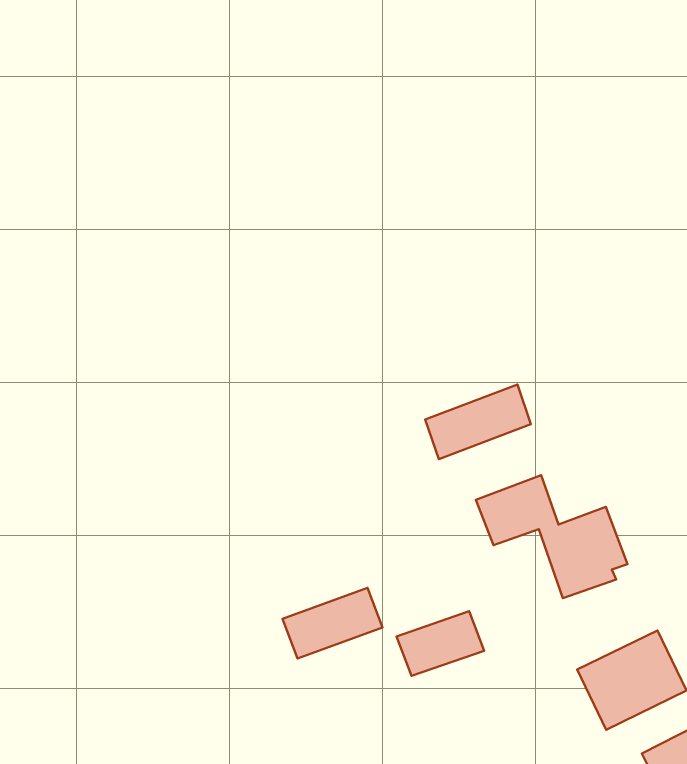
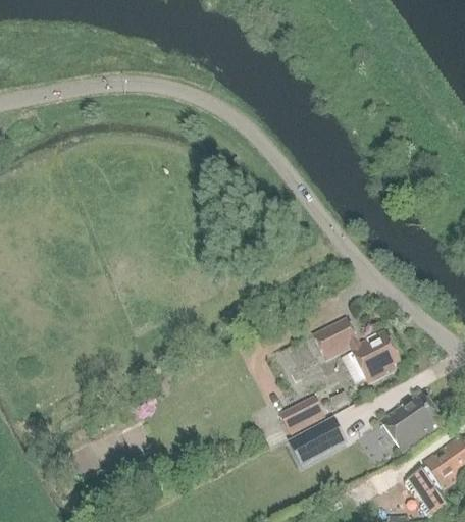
building: [425,384,531,459] -> none
building: [283,588,382,658] -> [290,418,345,462]

